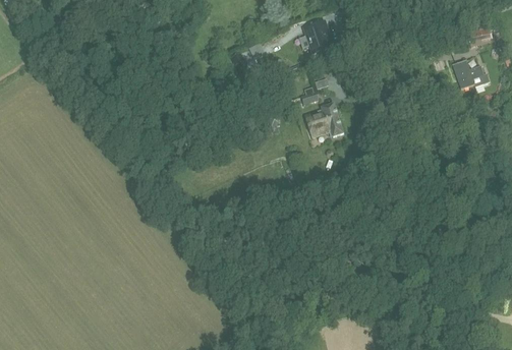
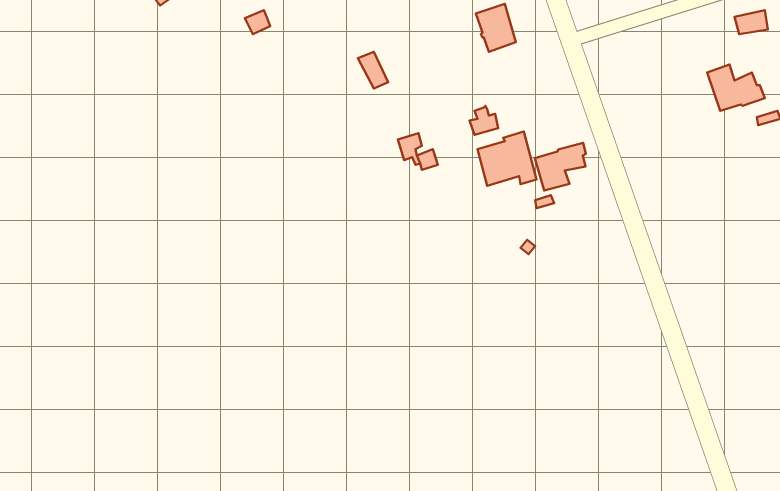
building: none -> [535,143,586,190]

